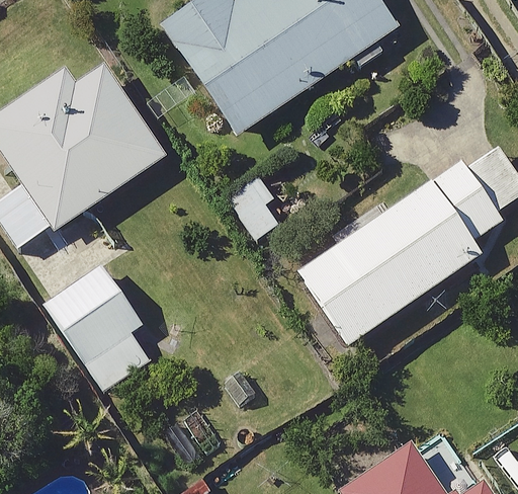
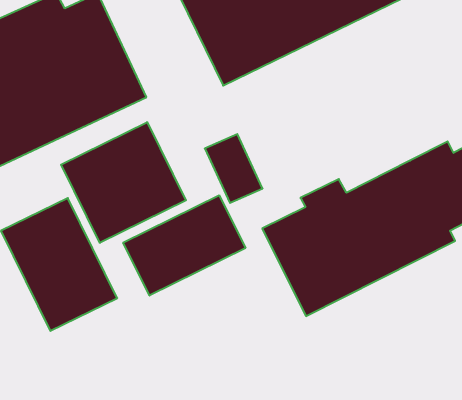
building: none -> [61,122,186,243]
building: none -> [123,195,245,296]

